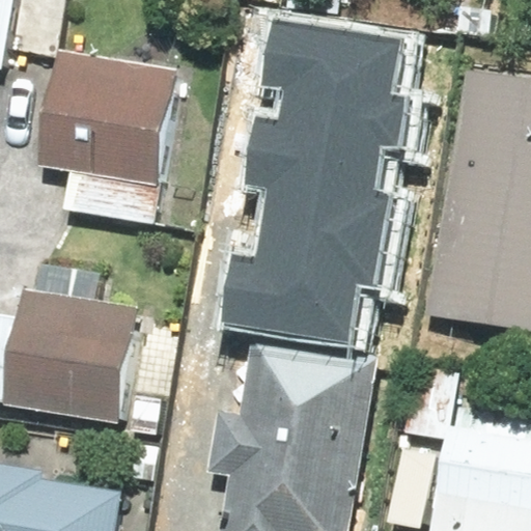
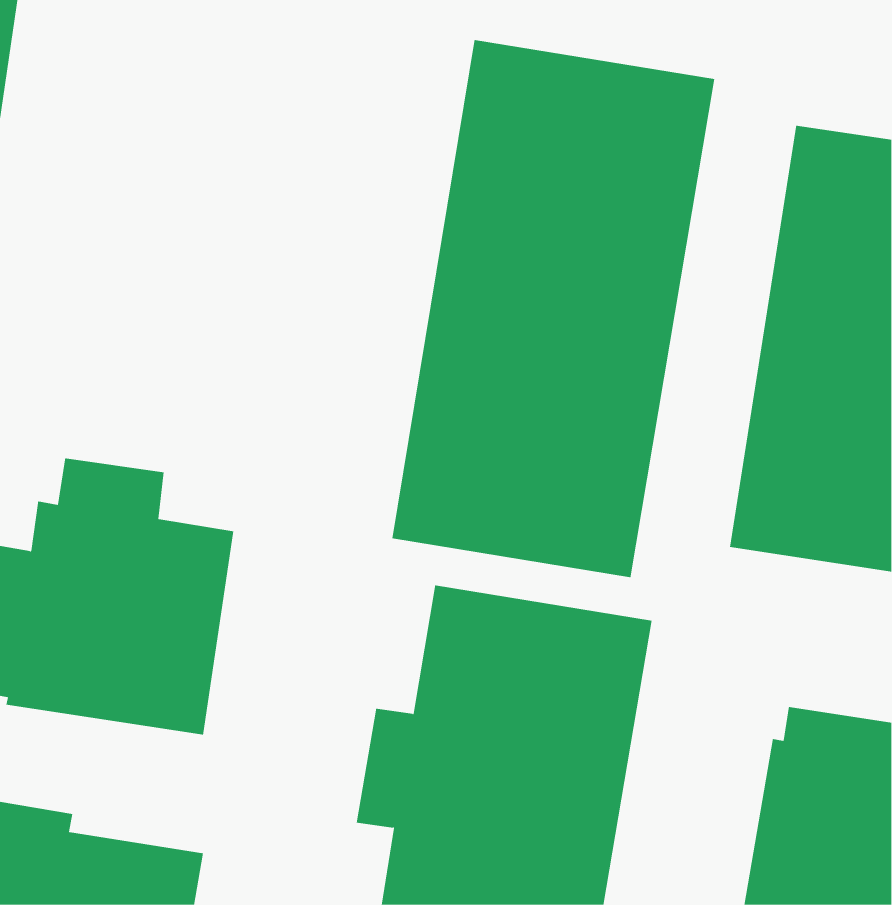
building: [37,53,173,224] -> none

